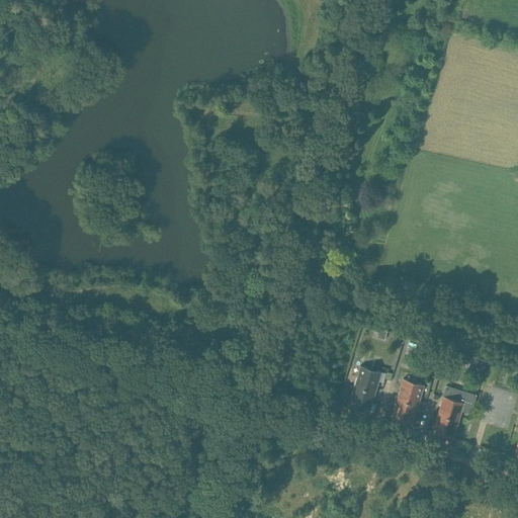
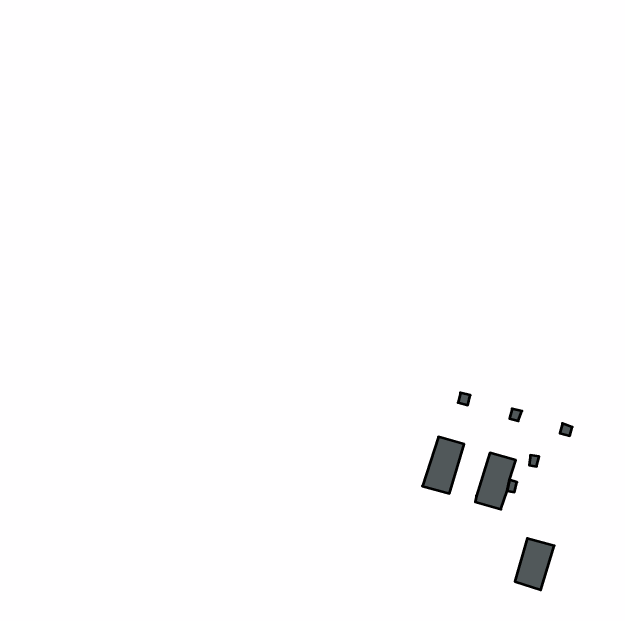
building: [435,391,467,433] -> [515,538,554,590]

